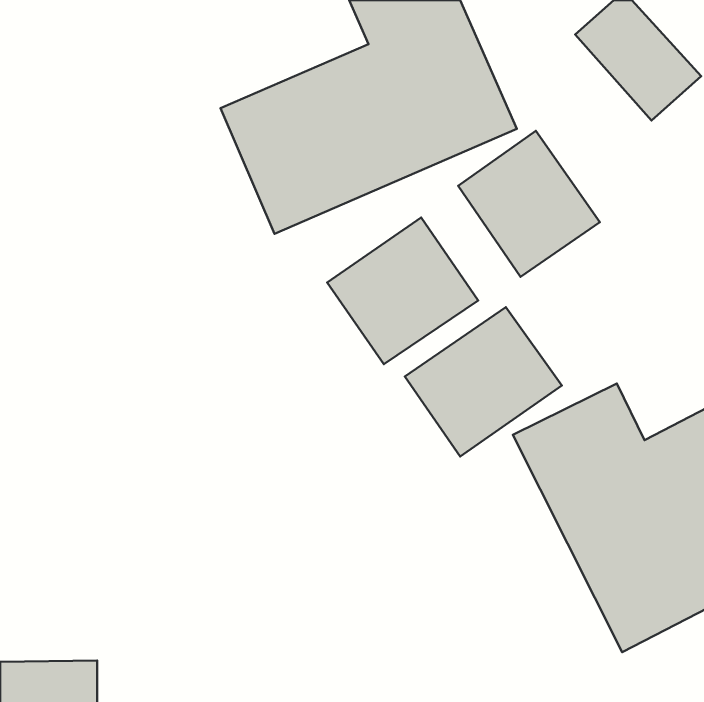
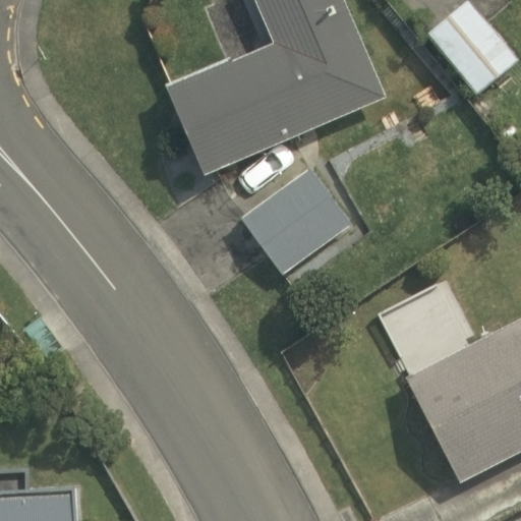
building: [458,131,600,277] -> none
building: [405,307,562,456] -> none

